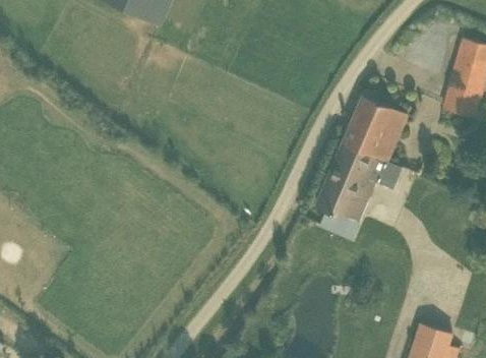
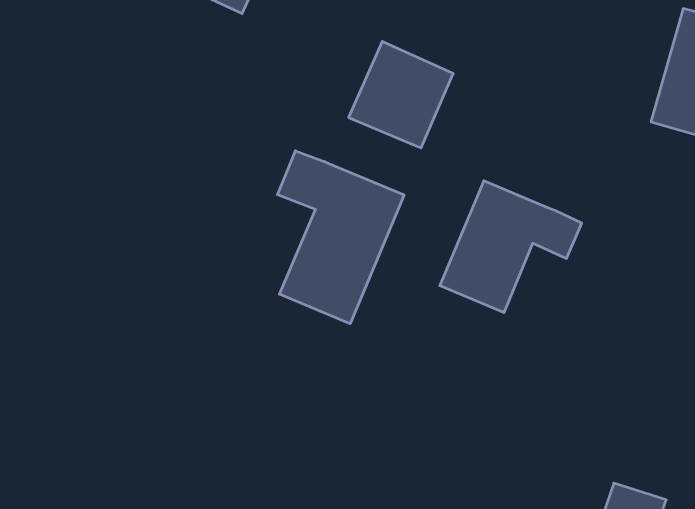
building: [342,97,405,161] -> [349,41,453,148]
building: none -> [277,151,404,324]

